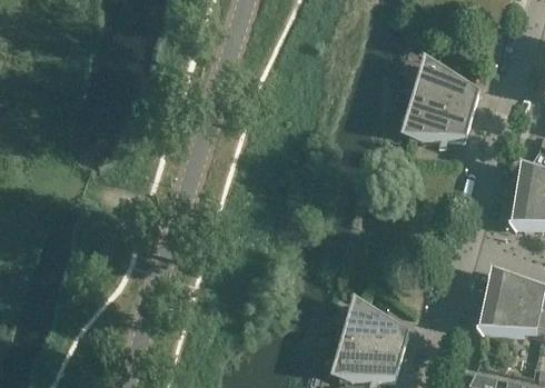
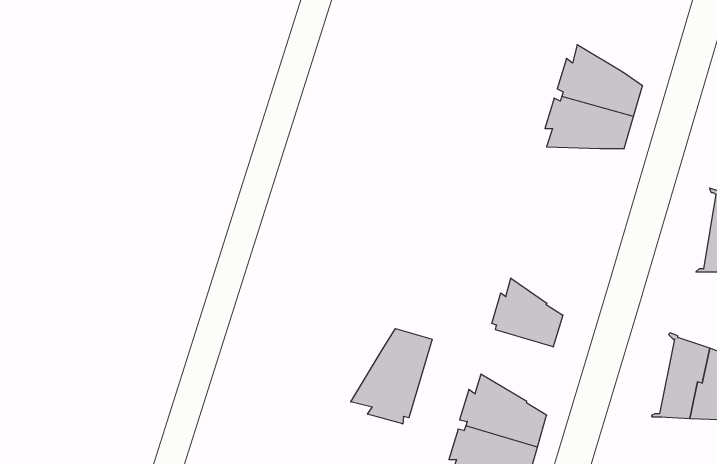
building: none -> [492,278,563,347]
building: none -> [351,329,432,424]

